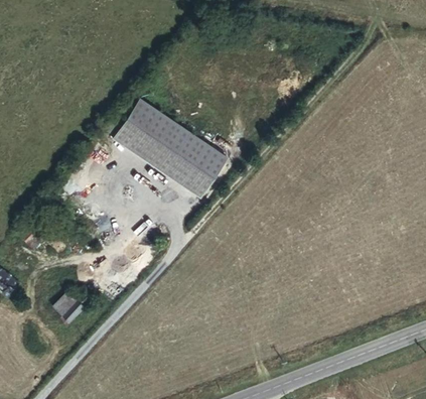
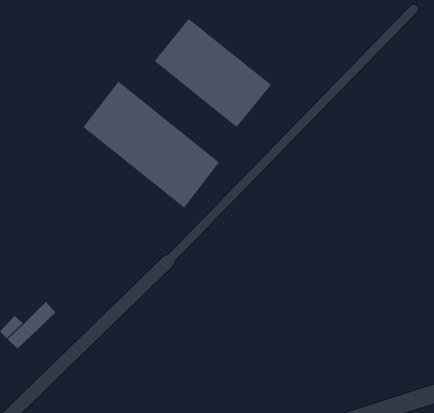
building: none -> [154,18,272,128]

